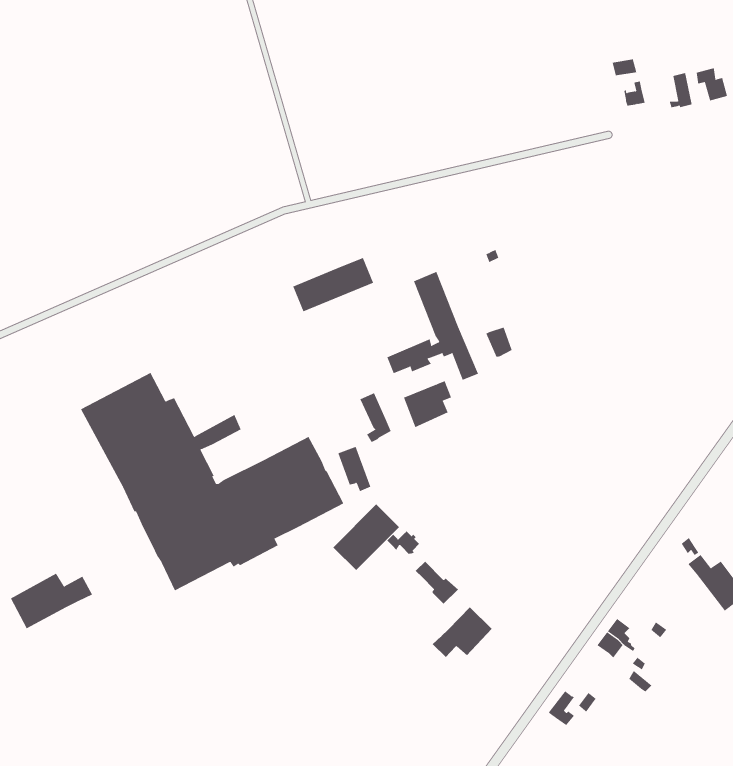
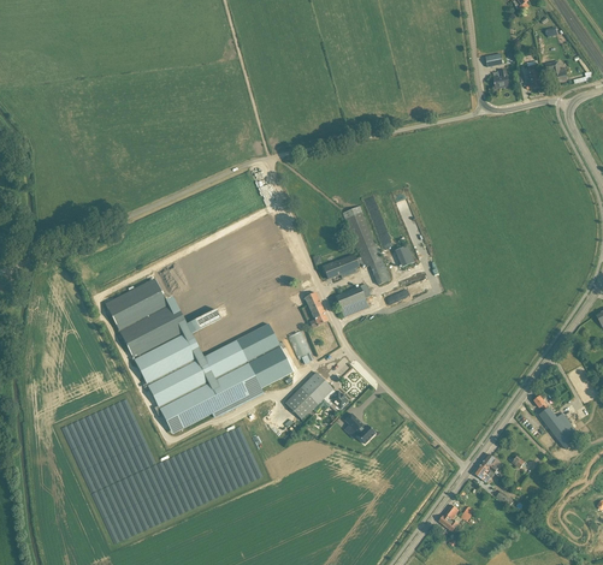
building: [293,257,374,312] -> none
building: [10,573,93,629] -> none
building: [432,607,492,658] -> none

